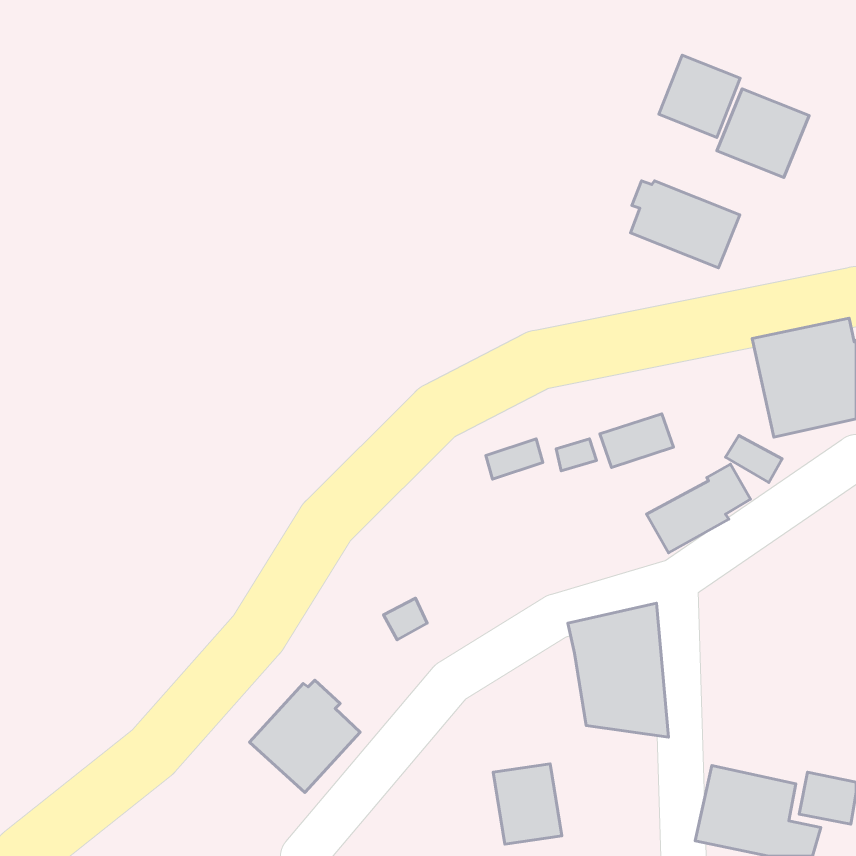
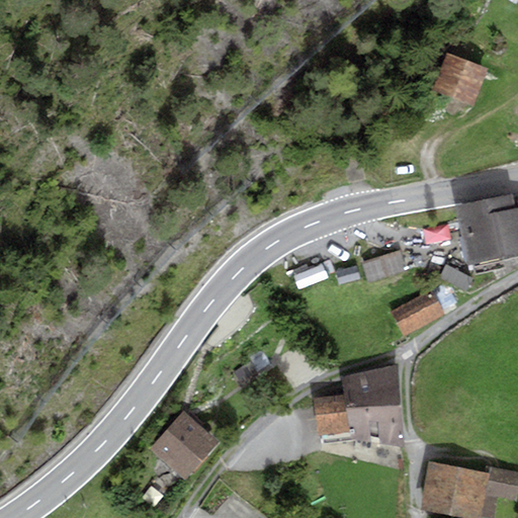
building: [659,55,740,137] -> none
building: [630,181,740,268] -> none
building: [493,764,562,844] -> [313,395,354,443]

